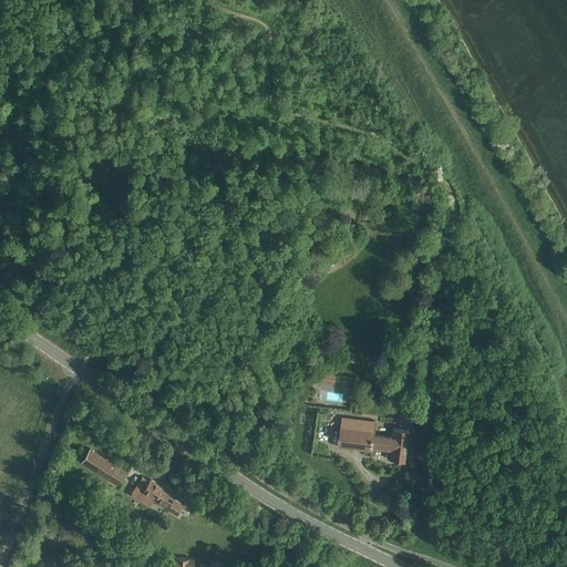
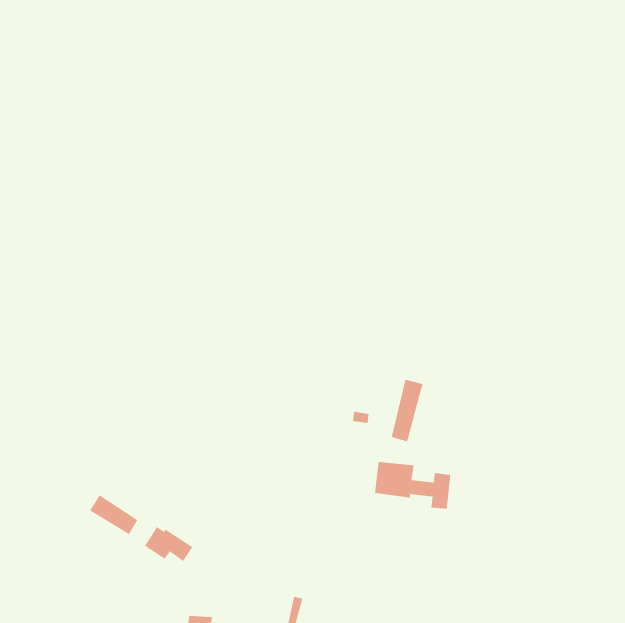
building: none -> [391,379,423,442]

